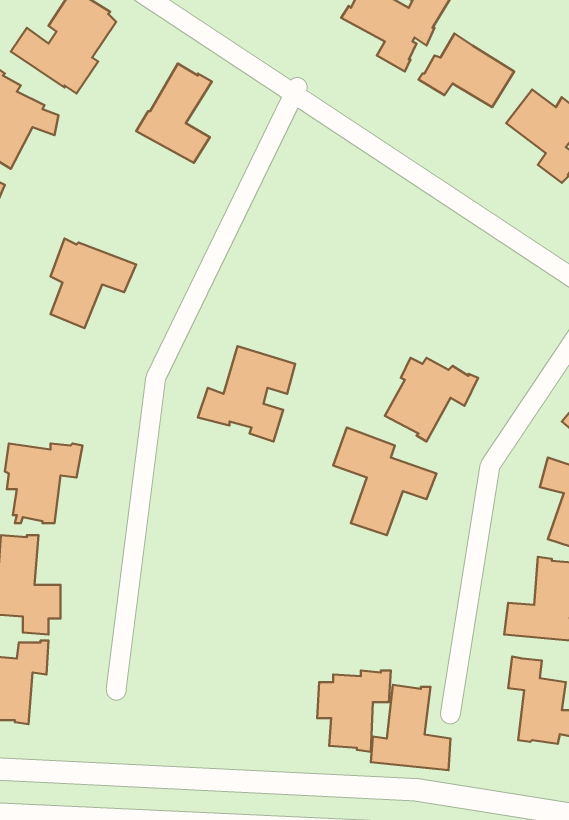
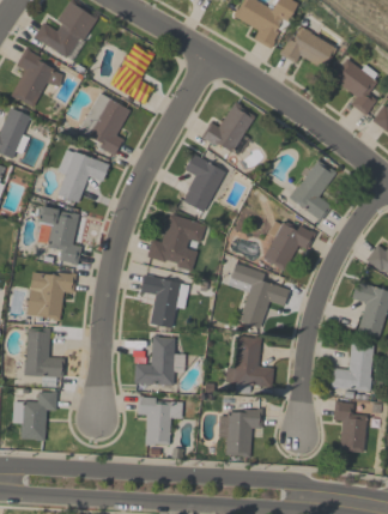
building: none -> [79,92,129,156]
building: none -> [201,101,254,156]
building: none -> [183,153,230,212]
building: none -> [277,159,335,220]
building: none -> [36,205,81,265]
building: none -> [140,274,187,327]
building: none -> [134,334,184,385]
building: none -> [137,395,182,445]
building: [371,685,451,770] -> [225,335,273,387]

